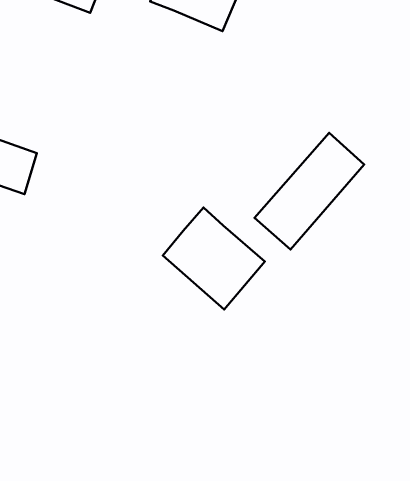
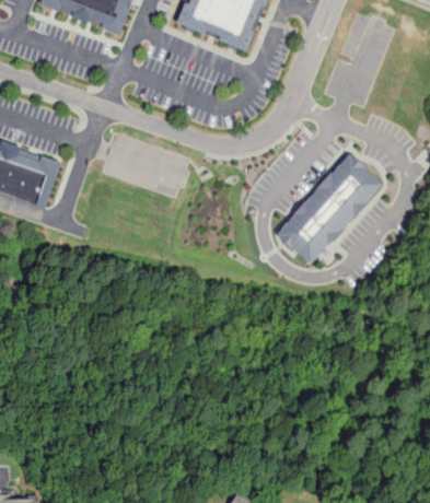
building: [163,207,265,310] -> none

